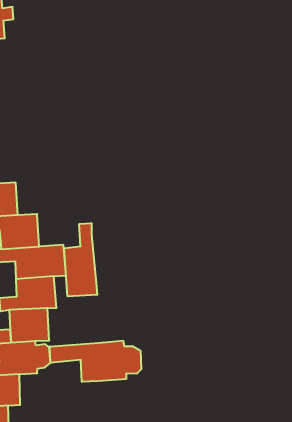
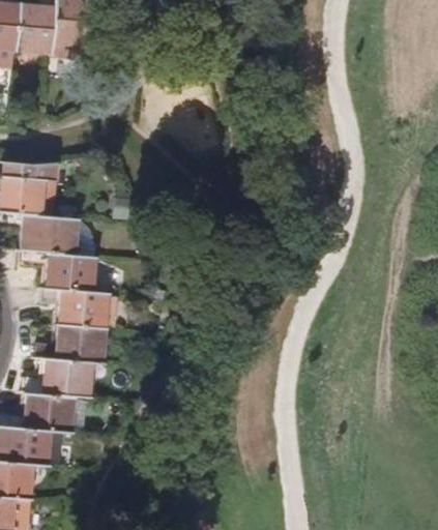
building: [64,223,97,296] -> none
building: [50,341,141,382] -> none

